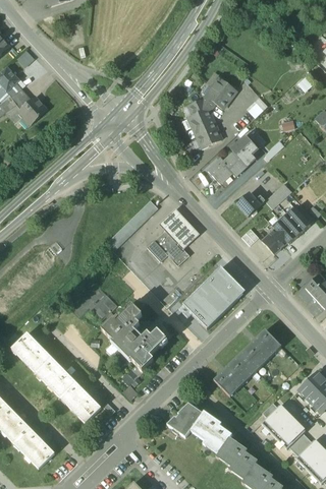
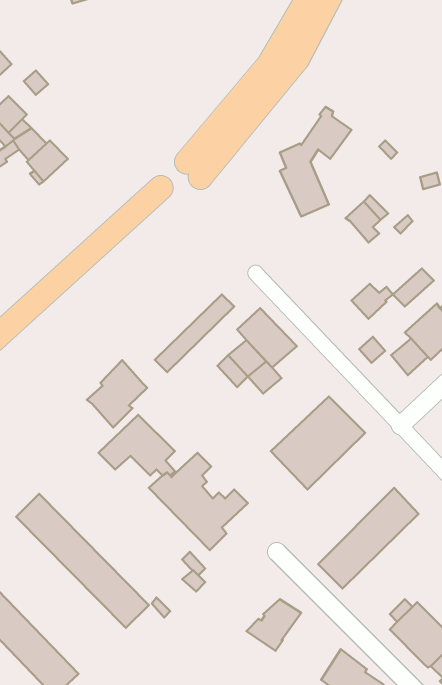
building: [209,150,248,183] -> none
building: none -> [87,360,147,428]
building: [189,411,231,453] -> none

